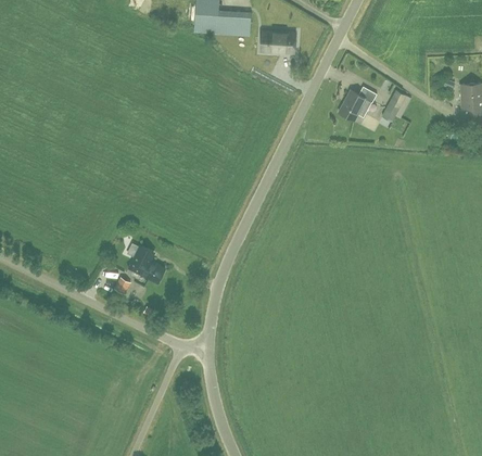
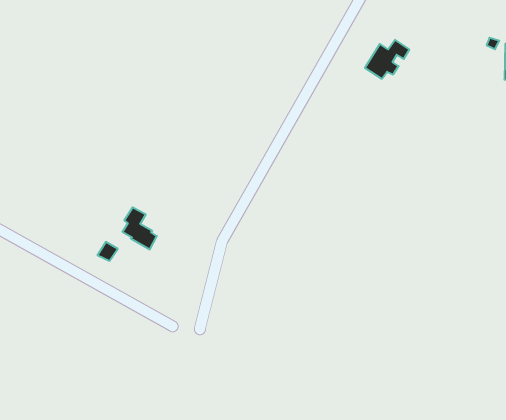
building: [381,90,410,122] -> none

